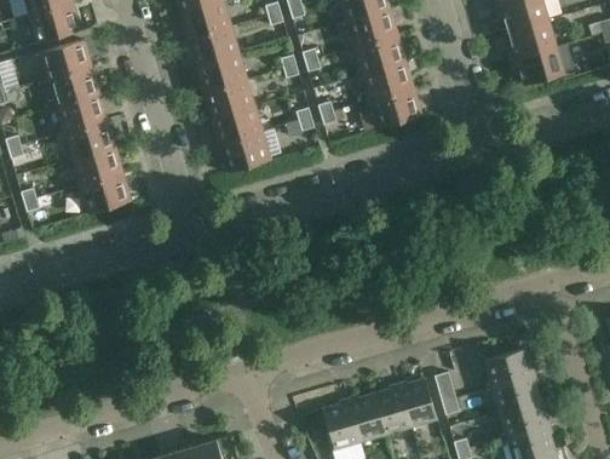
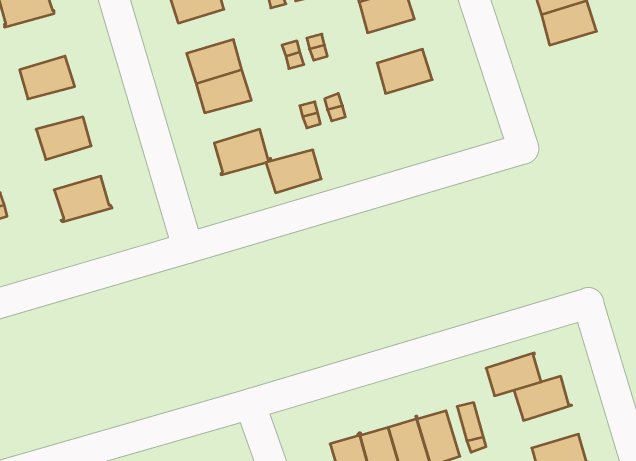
building: [190,27,238,65] -> none
building: [356,35,404,74] -> none
building: [41,40,91,80] -> none
building: [516,44,575,85] -> none
building: [372,88,422,128] -> none
building: [58,94,107,132] -> none
building: [213,107,261,144] -> [266,150,321,193]
building: [74,147,122,185] -> none
building: [493,374,541,412] -> [486,353,541,396]

